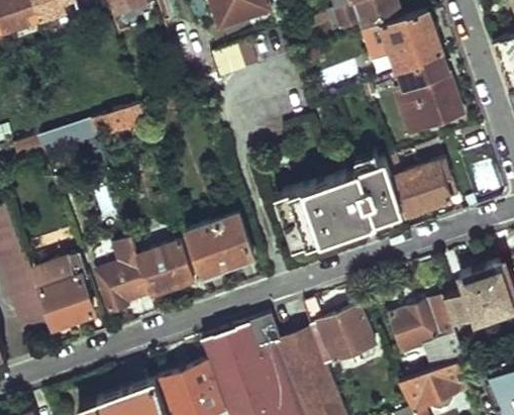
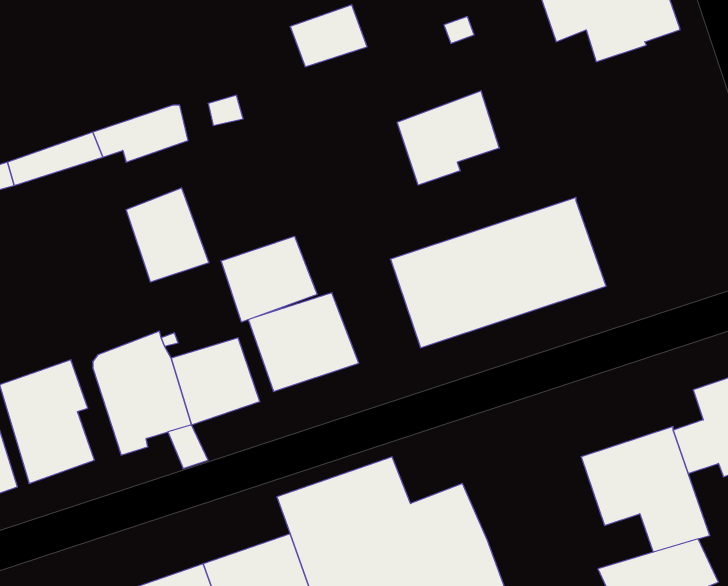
building: [392,57,468,137] -> none
building: none -> [397,91,499,185]
building: none -> [126,188,209,282]
building: [384,155,453,220] -> none
building: none -> [221,236,317,322]
building: [305,300,375,365] -> none

